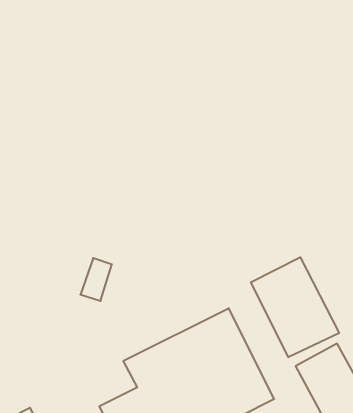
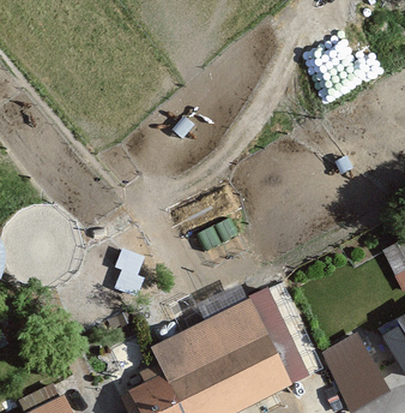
building: [251,257,339,357] -> none

